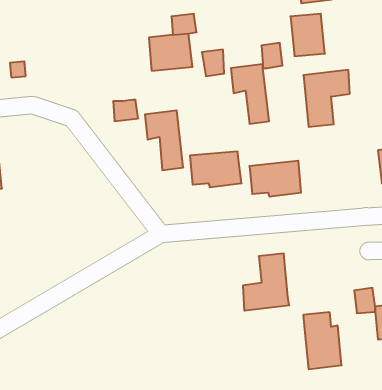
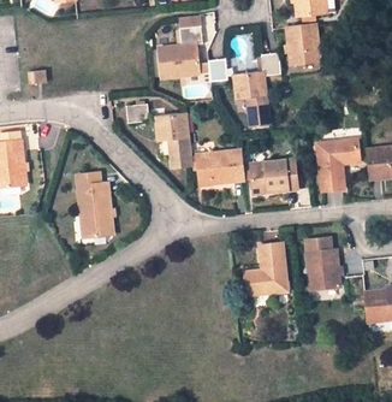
building: [303,70,350,127] -> [316,138,358,190]
building: none -> [76,172,112,236]
building: [303,312,342,369] -> [304,237,339,289]

